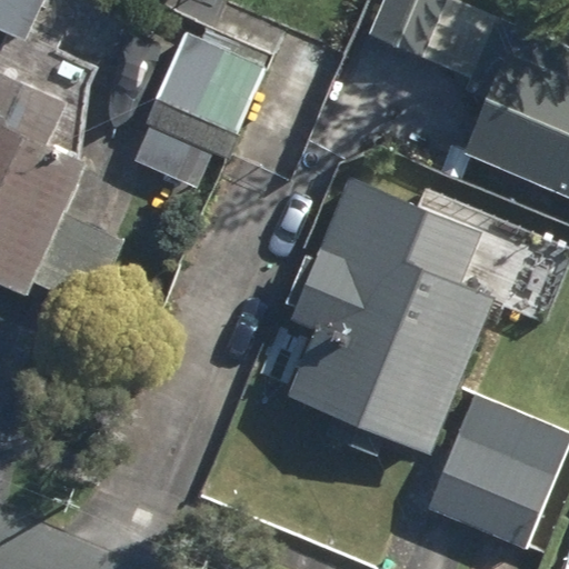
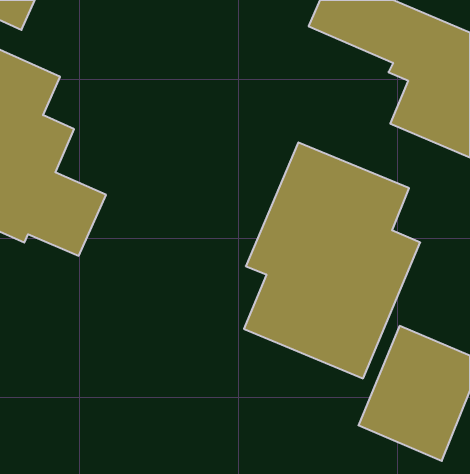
building: [131,31,268,189] -> none

